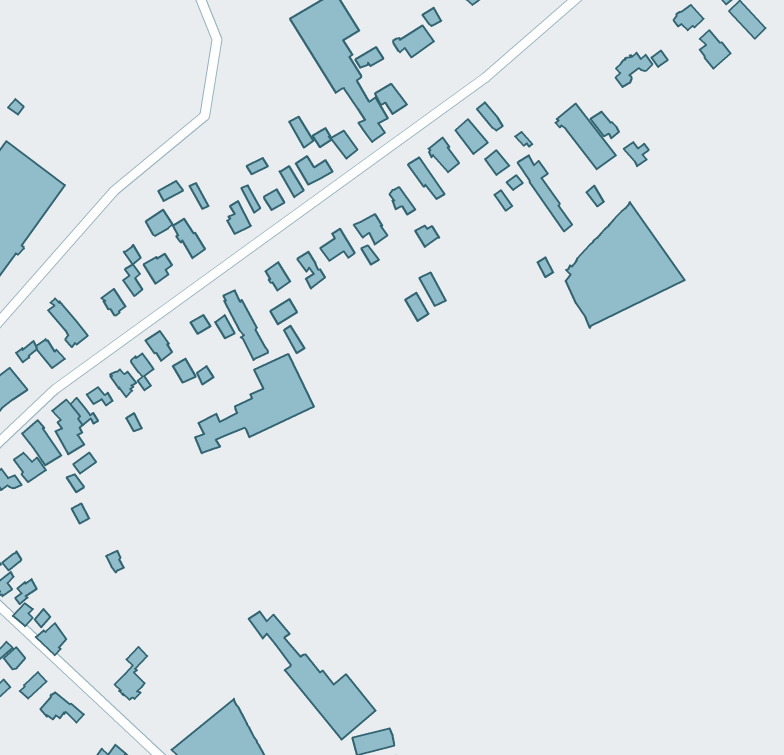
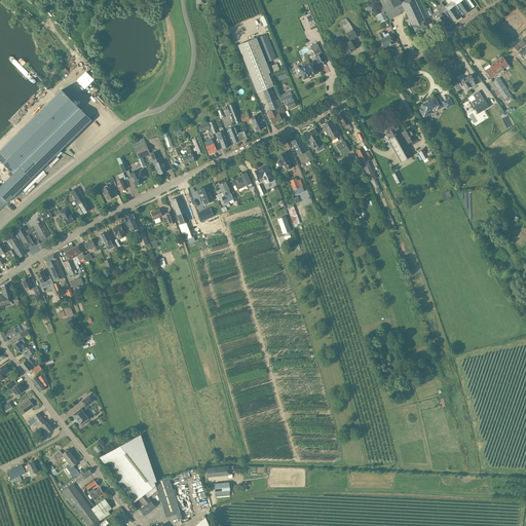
building: [566,202,685,328] -> none
building: [195,354,314,453] -> none
building: [249,611,376,740] -> none

